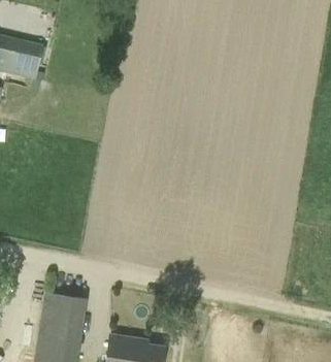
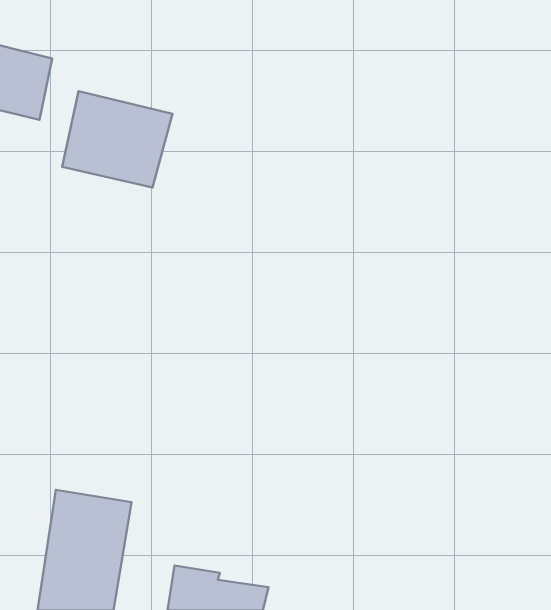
building: none -> [62,91,172,187]

